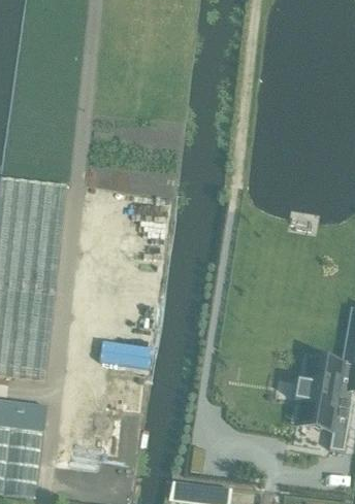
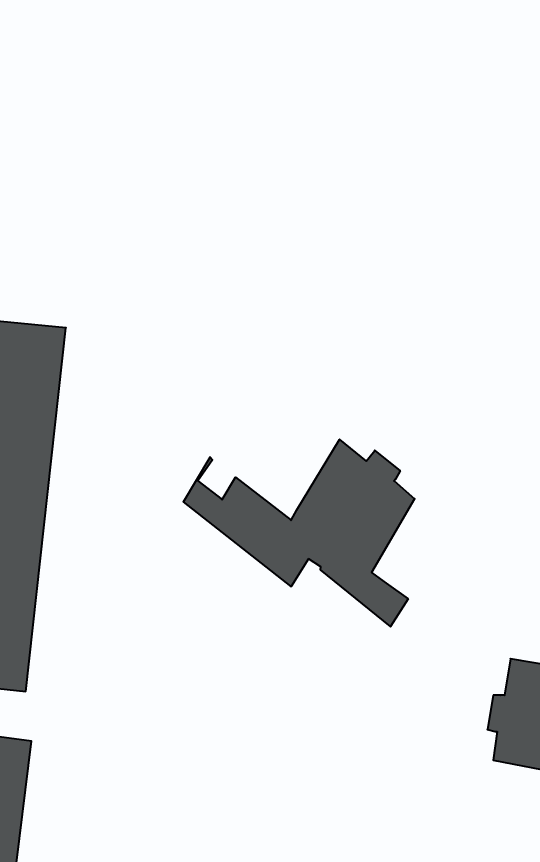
building: none -> [183,439,415,627]

